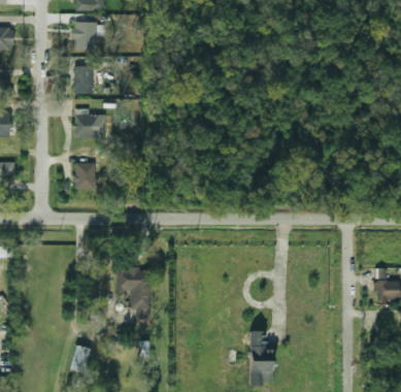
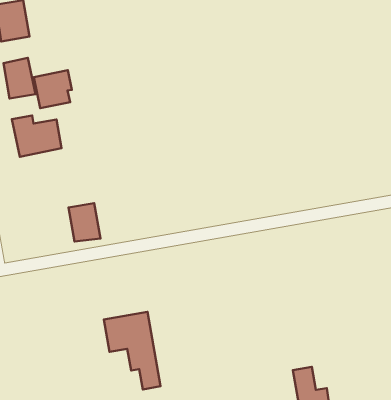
building: none -> [34,70,72,108]
building: [76,162,96,189] -> [69,203,100,241]

